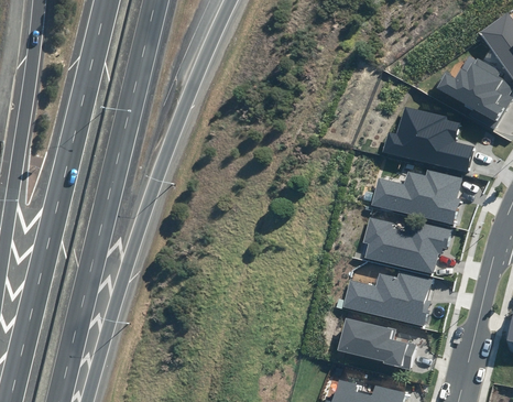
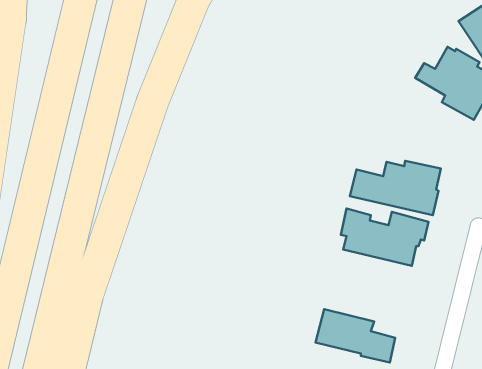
building: [383,106,474,173] -> none
building: [345,271,432,328] -> none

